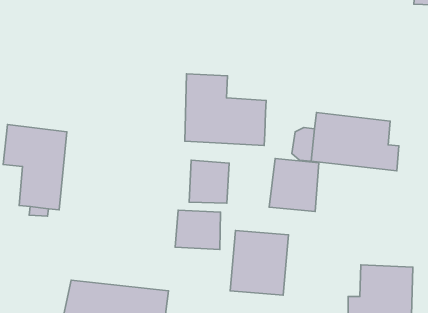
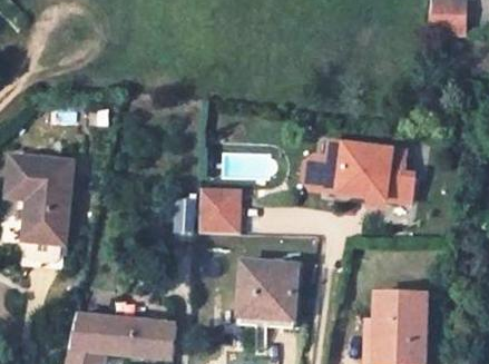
building: [185,74,266,146] -> none
building: [269,159,319,212] -> none
building: [175,210,220,250] -> none

